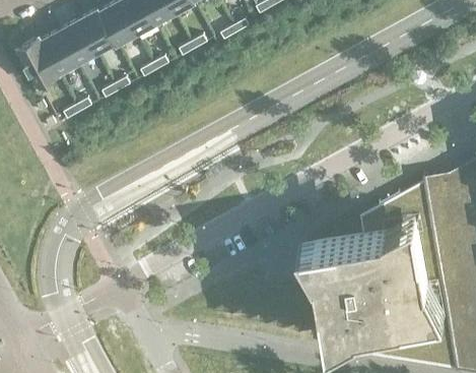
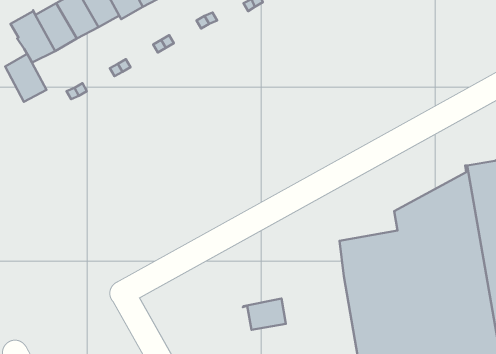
building: none -> [5,54,47,102]
building: none -> [243,298,286,330]

